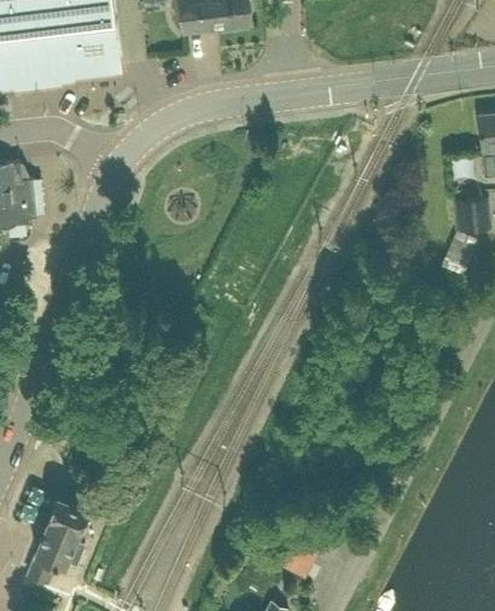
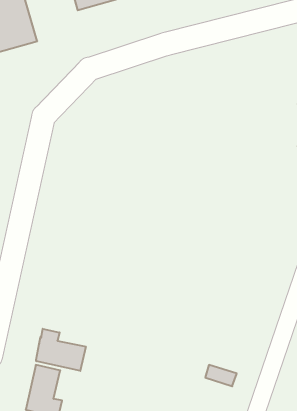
building: none -> [36,329,86,371]

